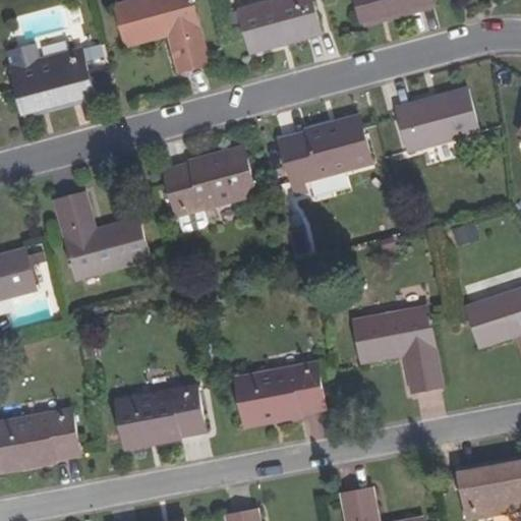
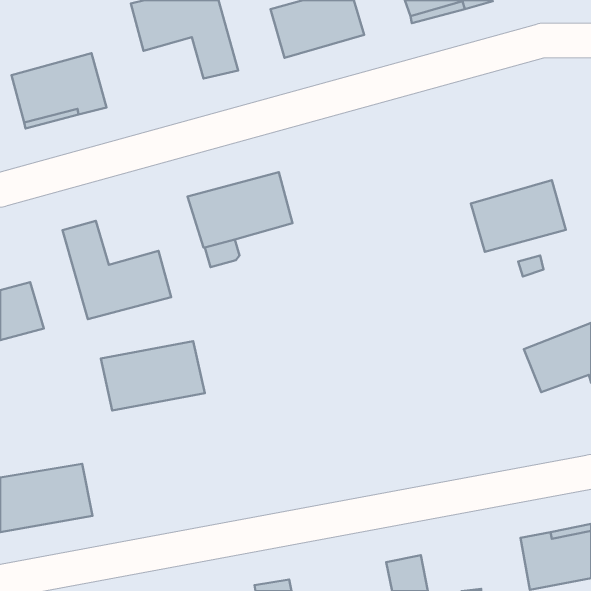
building: [396,89,479,152] -> [471,180,566,252]
building: [282,122,373,198] -> none
building: [350,306,441,391] -> none
building: [230,362,321,423] -> none
building: [116,384,208,445] -> [101,341,205,411]

